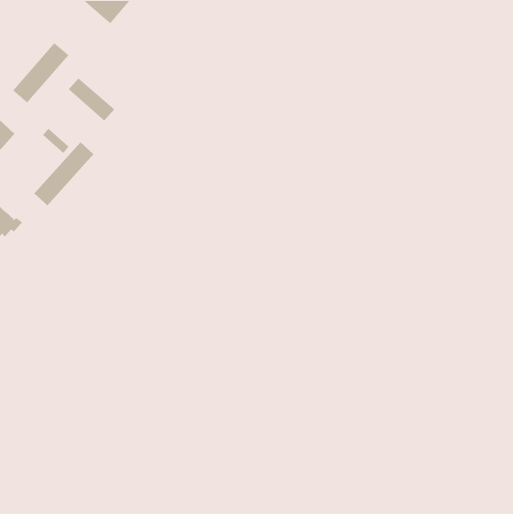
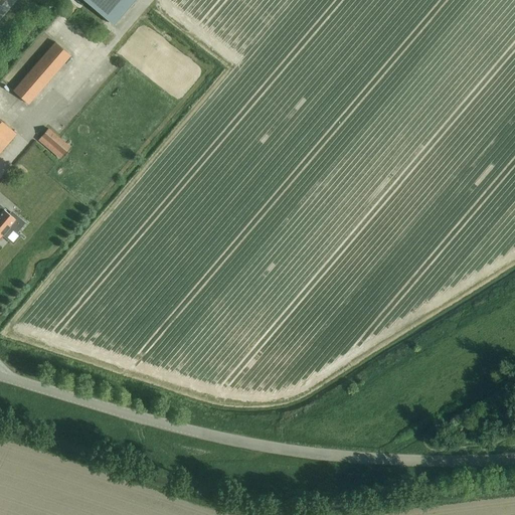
building: [68,77,115,121] -> none
building: [34,142,94,206] -> none

